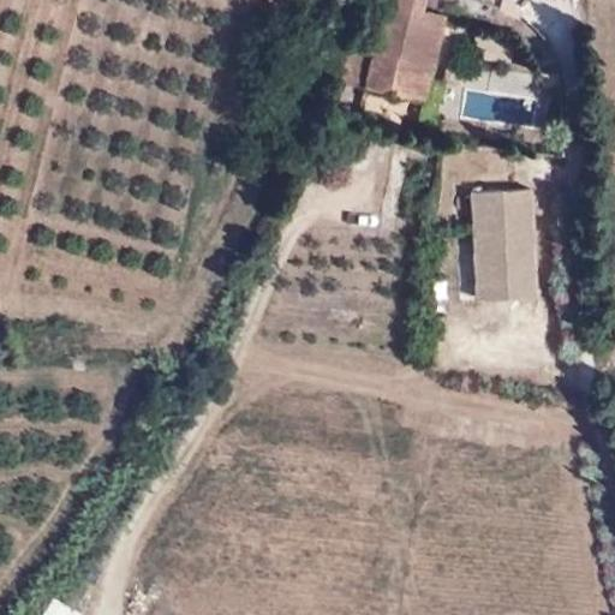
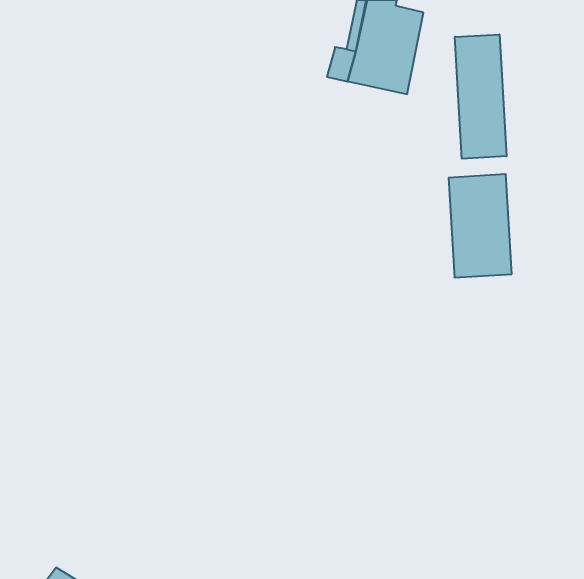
building: none -> [455,34,506,159]

